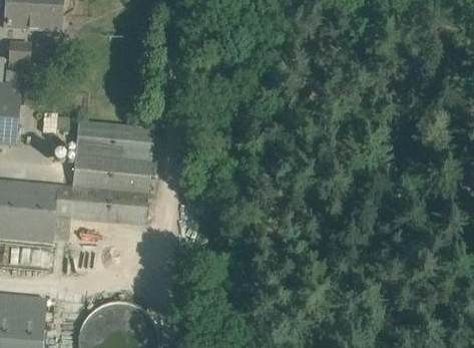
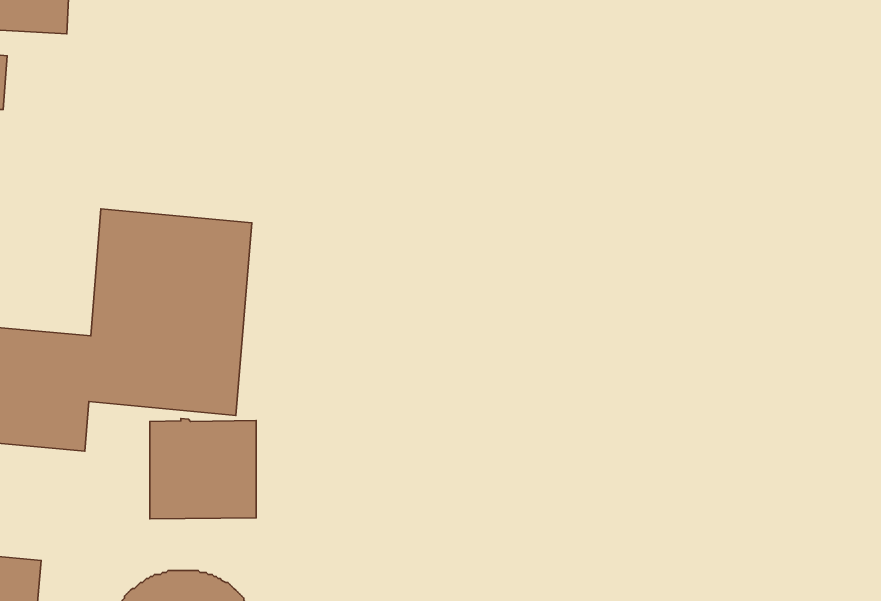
building: none -> [150,419,256,519]

